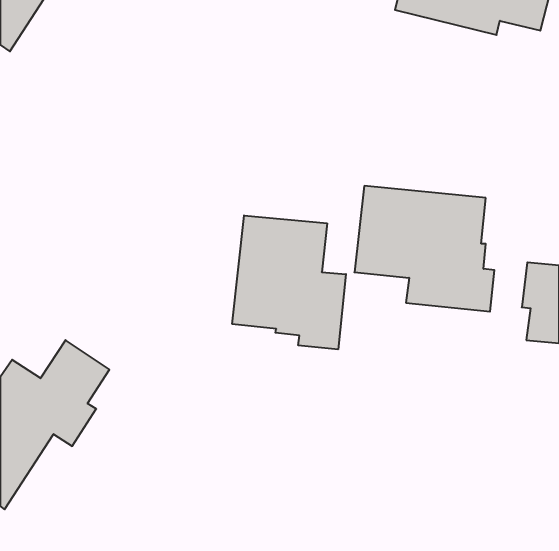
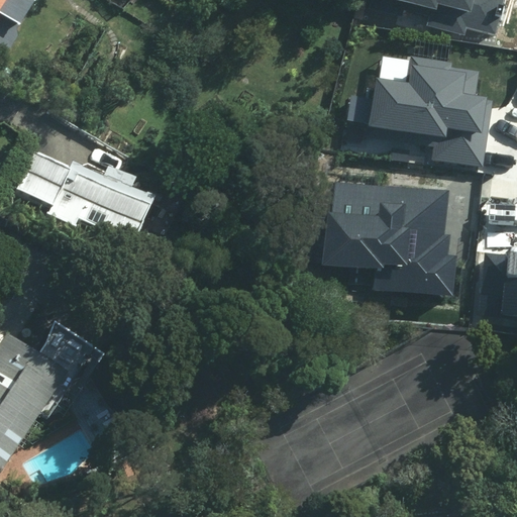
building: none -> [365,61,496,166]
building: none -> [14,148,156,244]
building: [232,215,346,349] -> none

